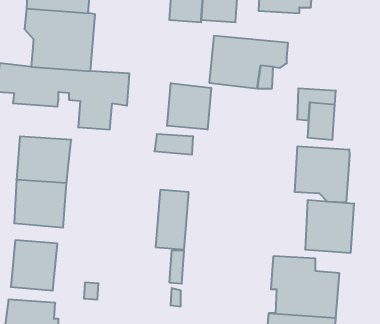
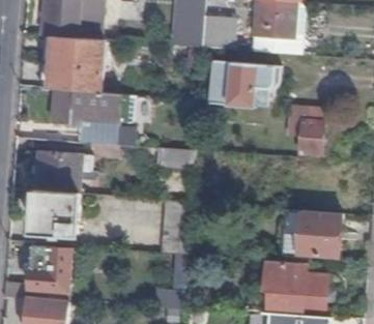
building: [167,83,211,130] -> none
building: [295,146,349,202] -> none

